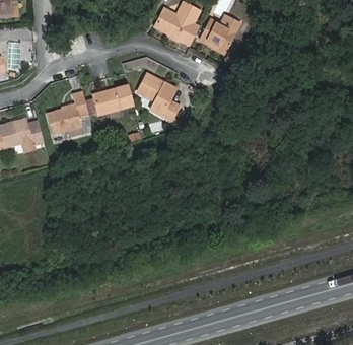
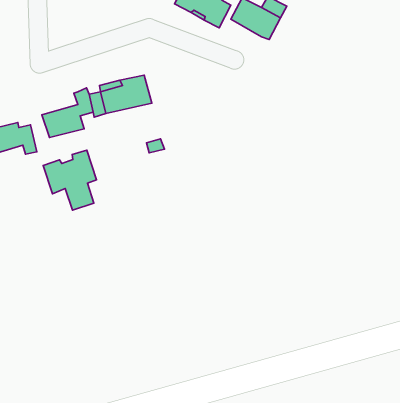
building: [139,72,179,120] -> none
building: none -> [43,150,96,210]

